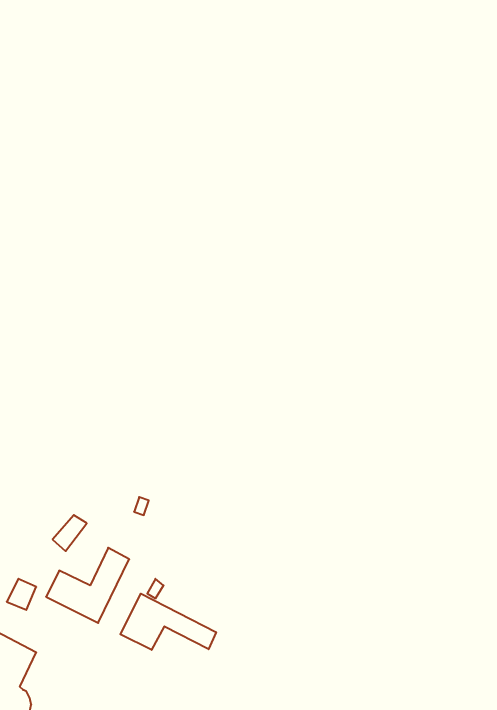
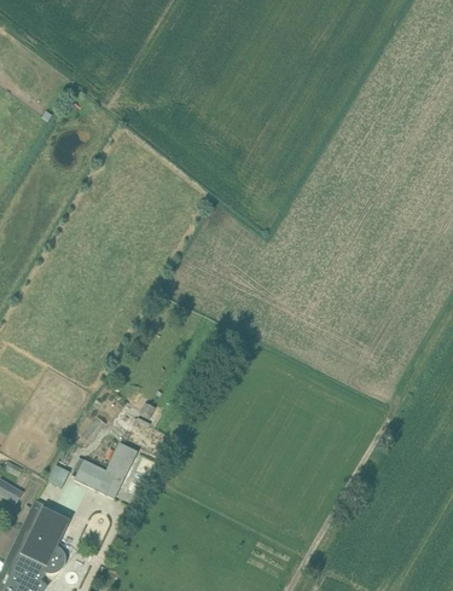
building: [120,594,216,650] -> none

